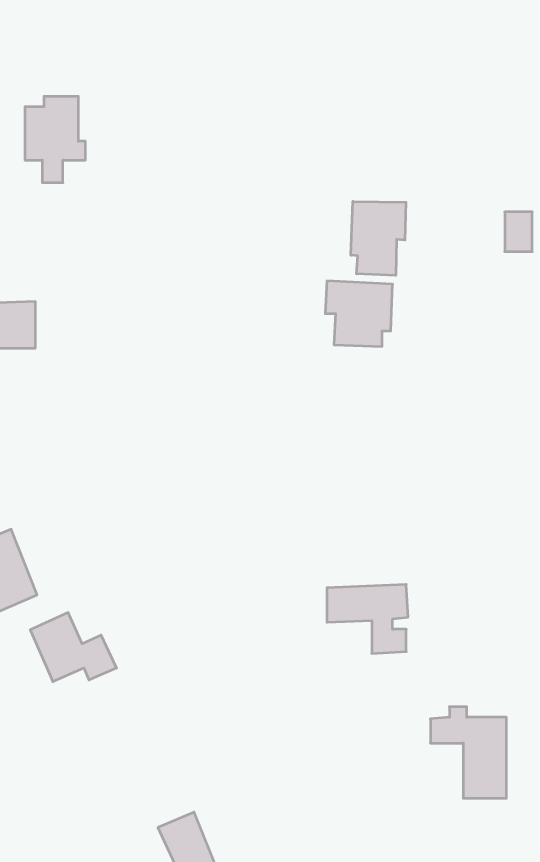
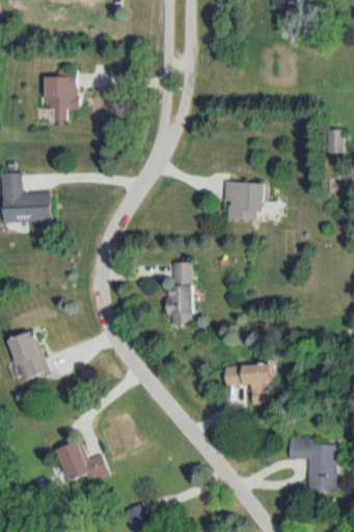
building: [351,201,406,275] -> none
building: none -> [167,260,194,325]
building: [30,613,117,682] -> [57,440,109,481]

